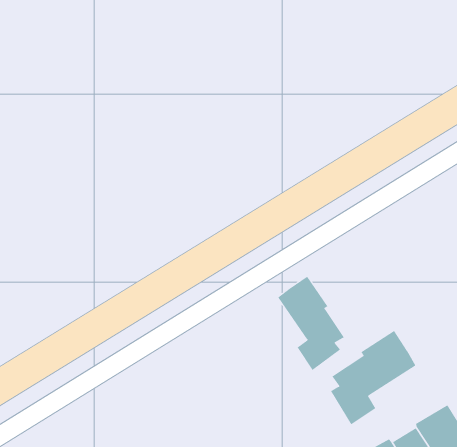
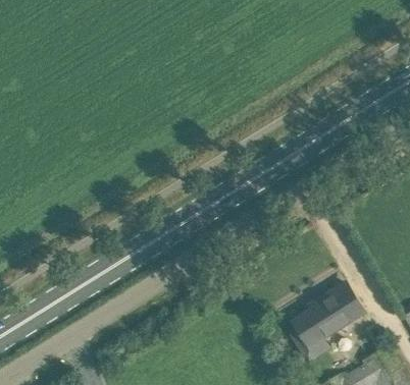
building: [277,276,345,371] -> none

